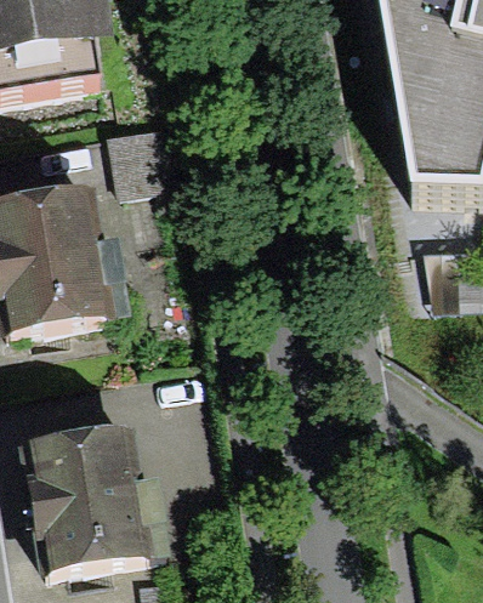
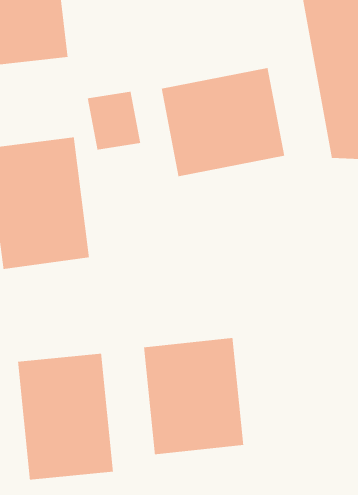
building: none -> [161,67,285,177]
building: none -> [143,337,244,455]

